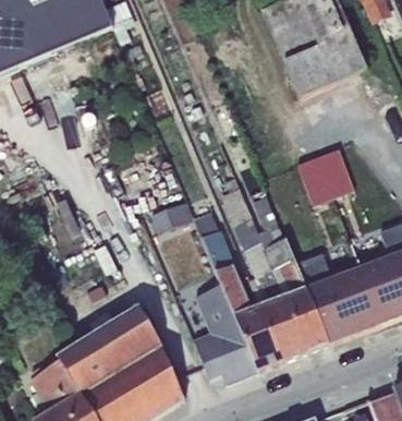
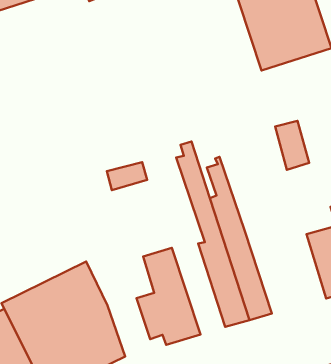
building: [295,154,331,204] -> none
building: [194,209,282,370] -> none
building: [294,252,381,342] -> none

